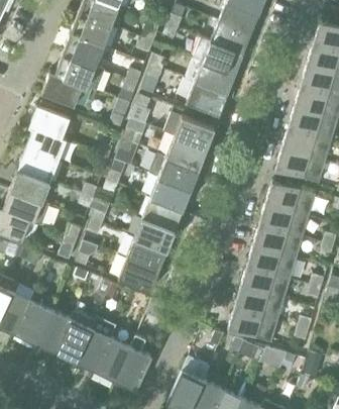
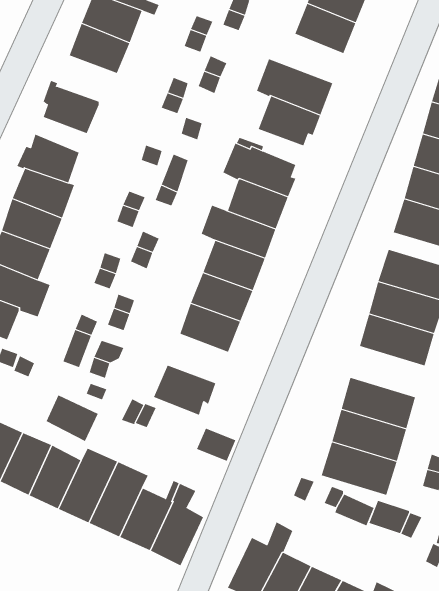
building: [194,37,243,73] -> none
building: [54,55,102,90] -> none
building: [127,237,167,270] -> none
building: [247,245,297,279] -> none
building: none -> [46,395,99,442]

